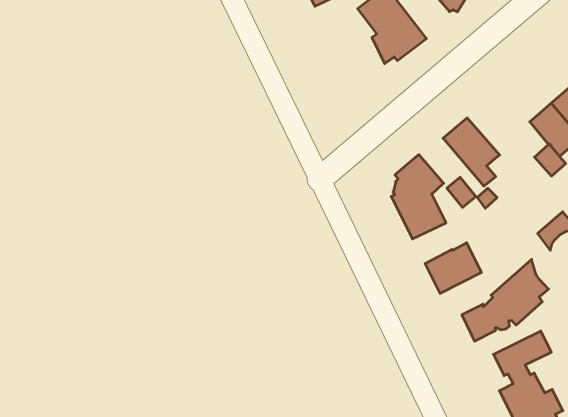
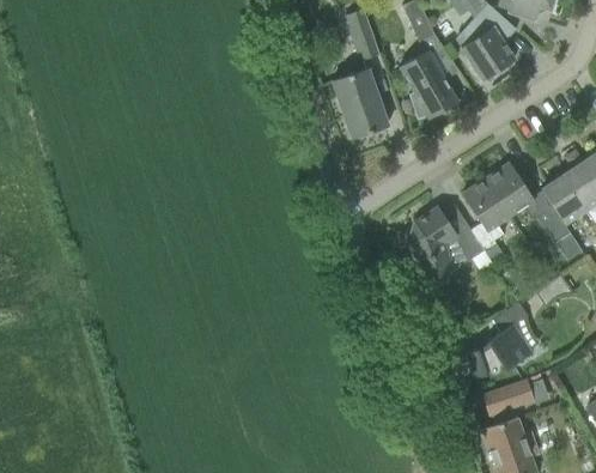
building: none -> [333,68,388,139]
building: none -> [486,163,545,220]
building: [425,243,481,293] -> none

